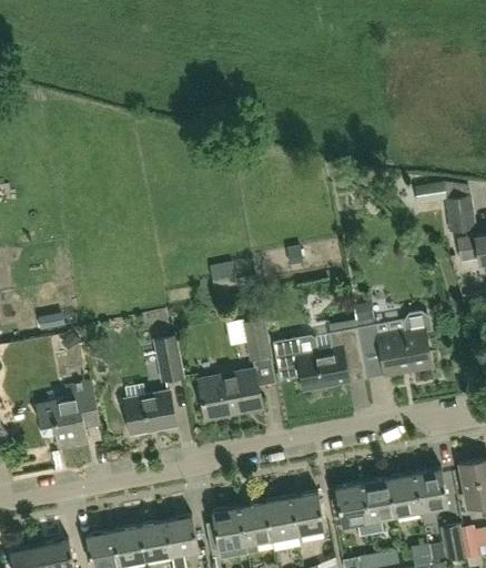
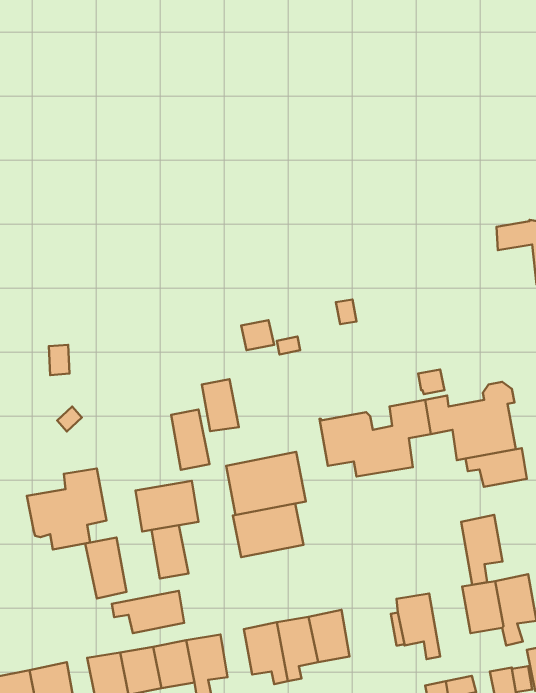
building: [243,320,273,362] -> [202,379,239,431]
building: none -> [466,448,527,487]
building: none -> [233,503,303,557]
building: none -> [152,525,189,579]
building: none -> [85,538,126,599]
building: [362,478,395,535] -> [461,515,502,585]
building: none -> [112,591,184,633]
building: [291,493,324,535] -> none

